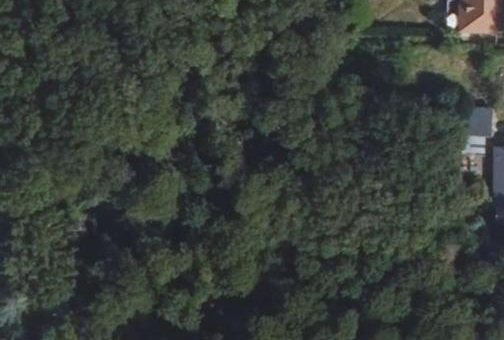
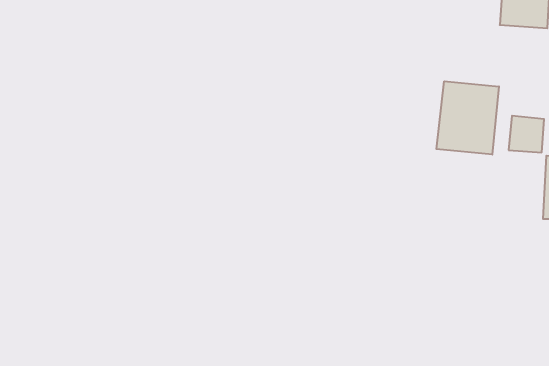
building: none -> [436,81,499,155]

